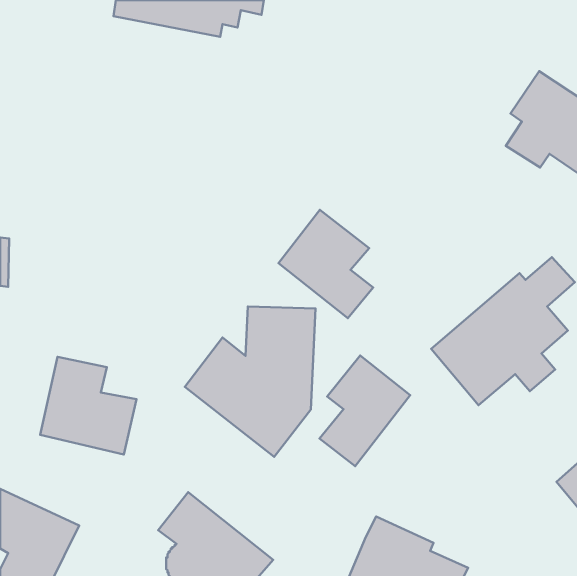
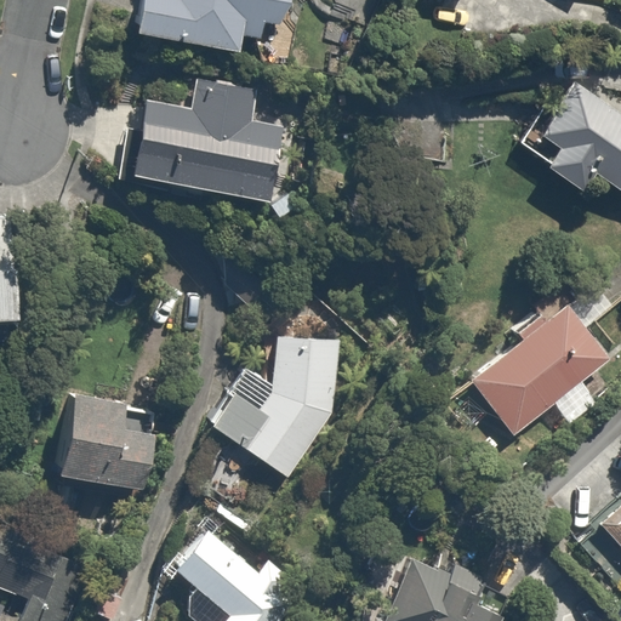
building: none -> [121,81,285,203]
building: [278,210,373,318] -> none
building: [319,355,410,466] -> none

